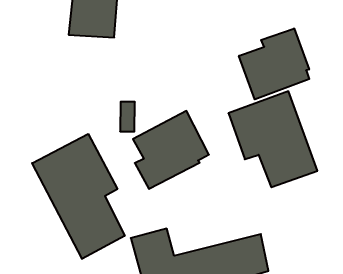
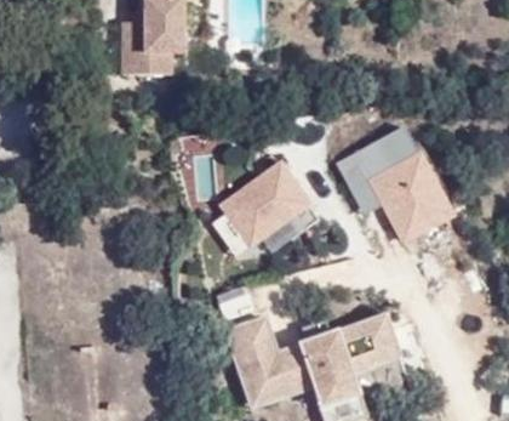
building: [239,28,309,99] -> none
building: [32,134,125,259] -> none

